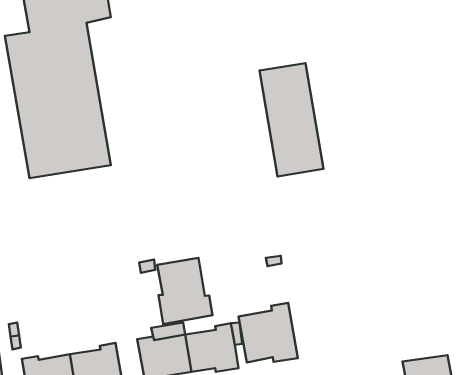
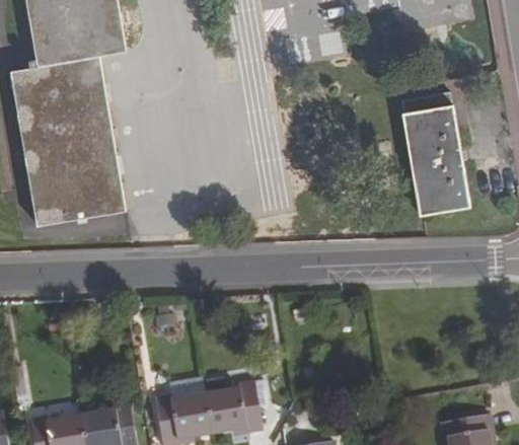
building: [260,63,323,176] -> [399,90,468,213]
building: [157,258,213,324] -> none
building: [238,303,298,363] -> none

